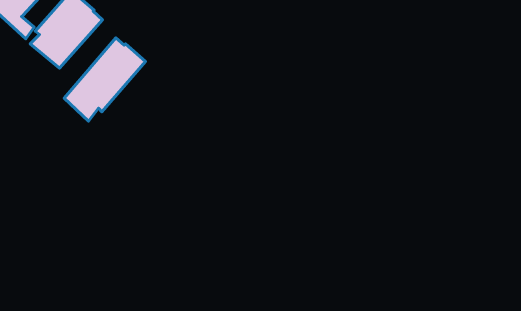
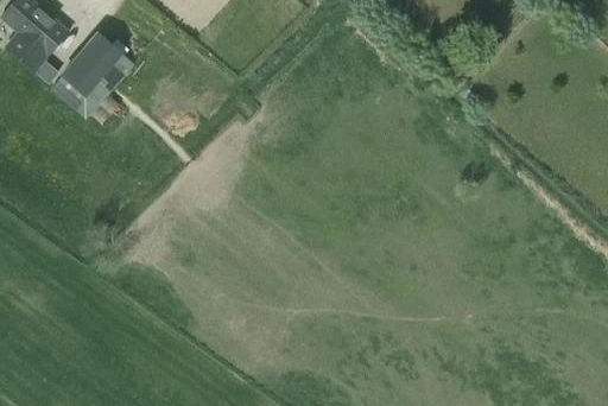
building: [64,38,146,121] -> none

